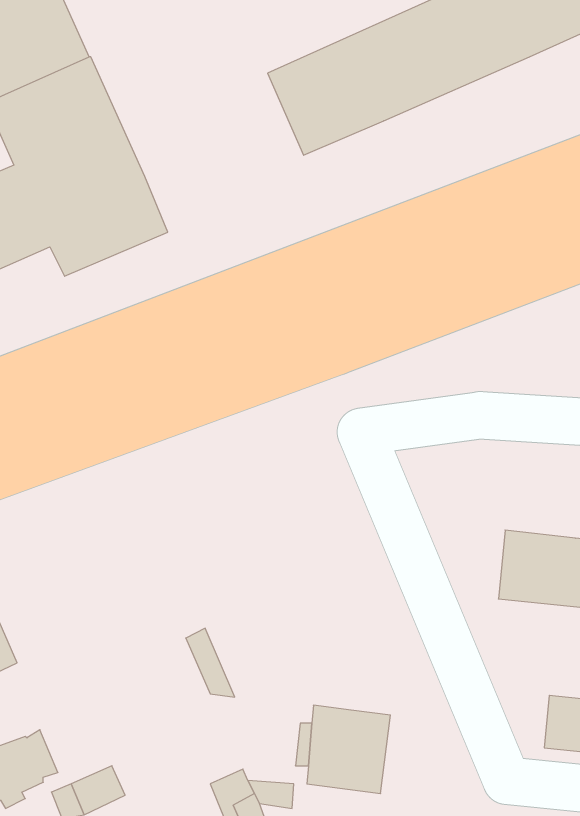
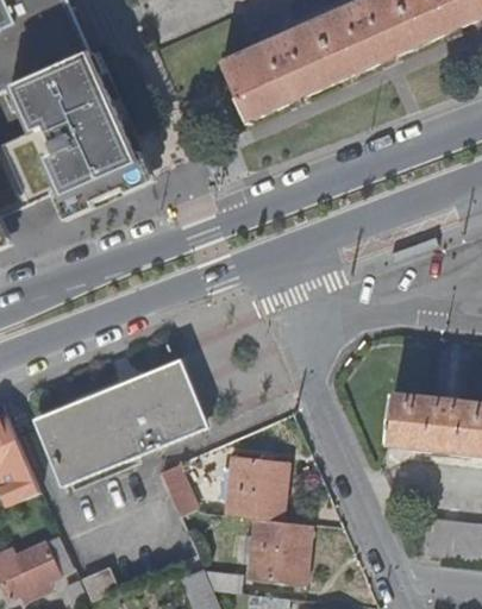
building: none -> [37,360,206,482]
building: none -> [218,460,286,525]

